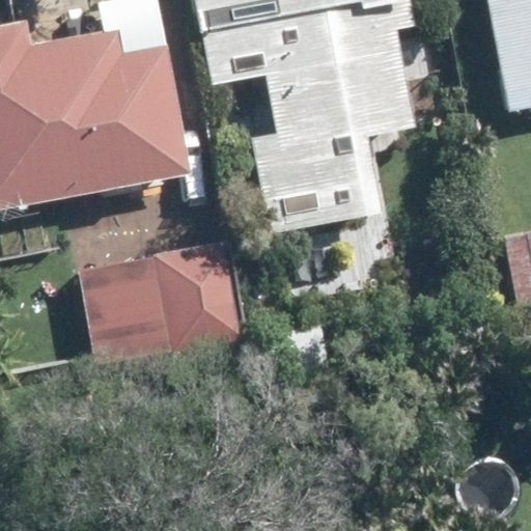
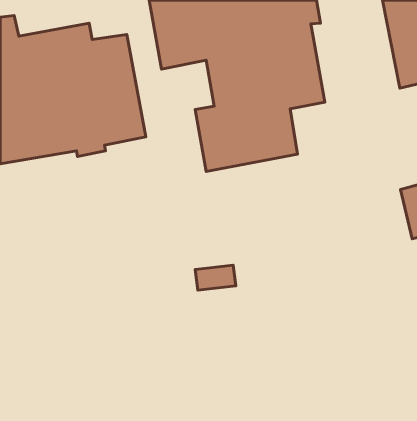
building: [78,241,251,381] -> none

